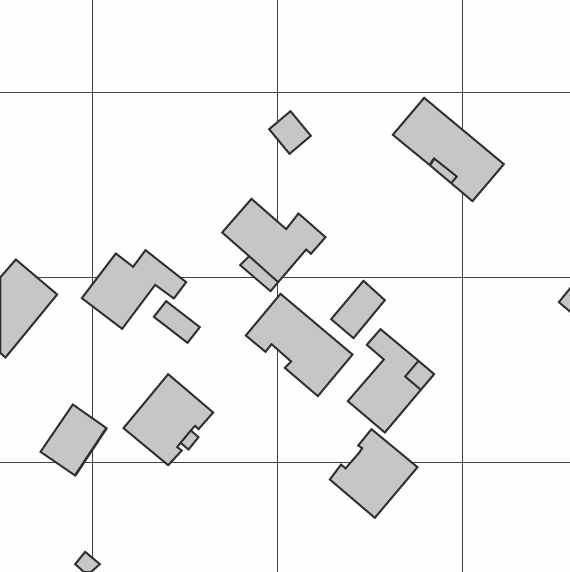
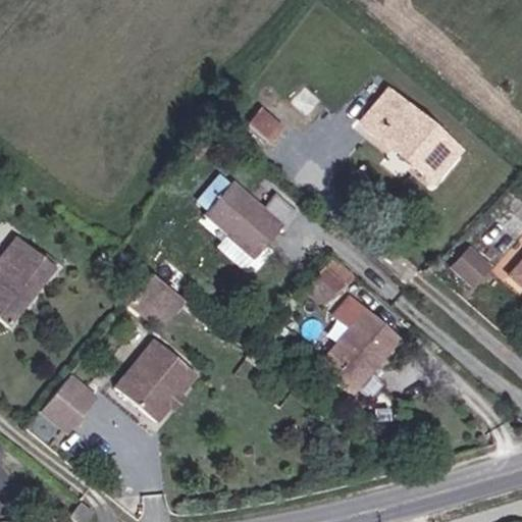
building: [82,250,186,329] -> none
building: none -> [451,246,492,286]
building: [246,294,352,396] -> none
building: [330,429,417,518] -> none

